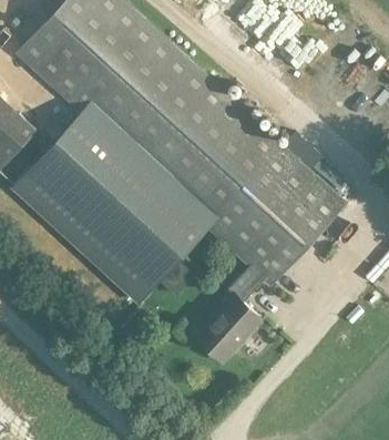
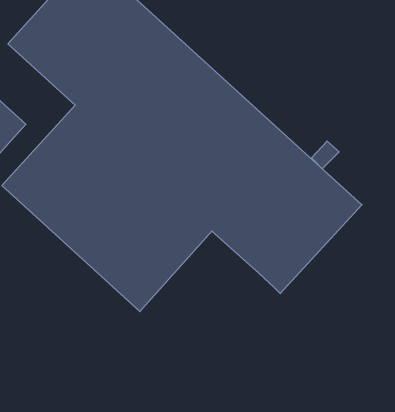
building: [194,266,264,362] -> none

